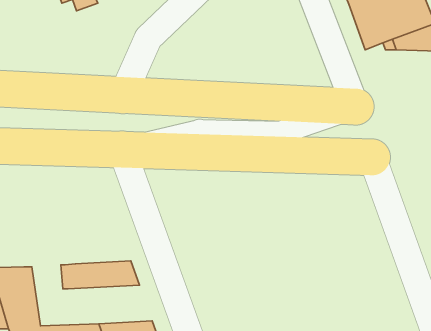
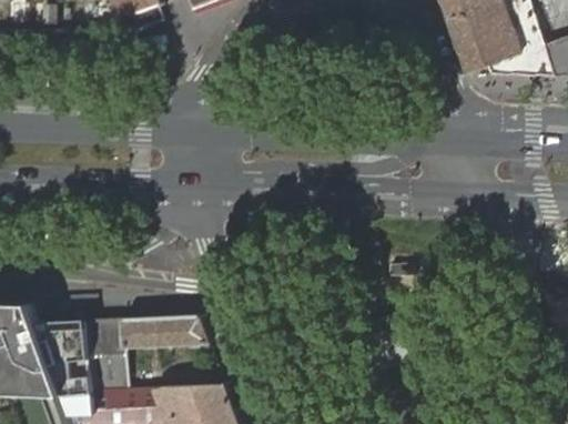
building: none -> [81,319,124,388]

